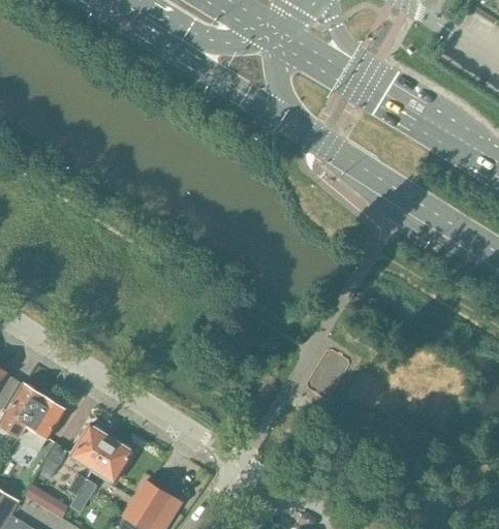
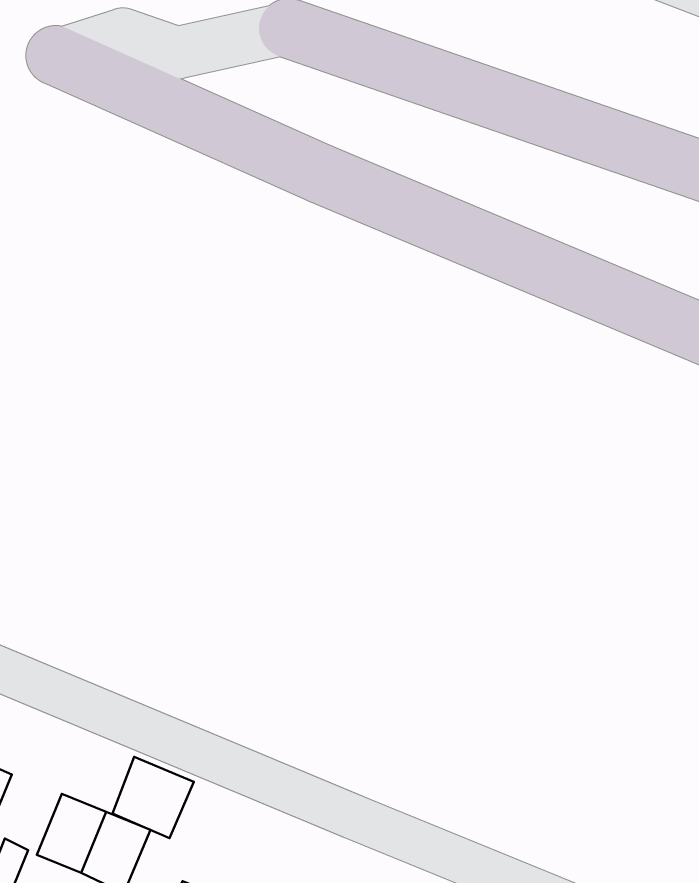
building: none -> [112,757,194,838]

